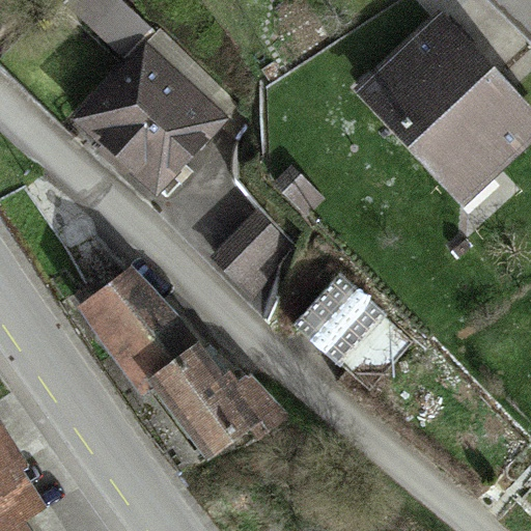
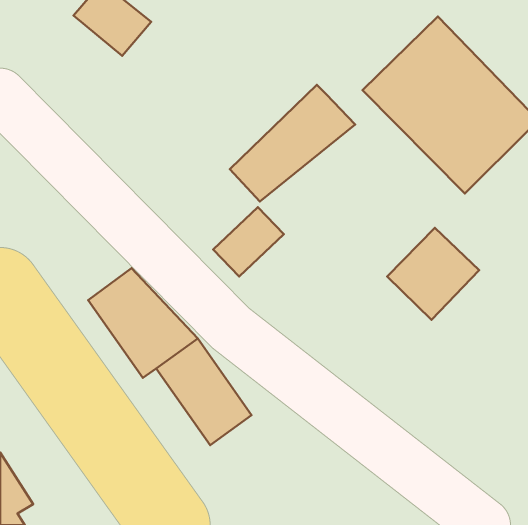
building: [74,51,222,197] -> none
building: none -> [230,85,355,201]
building: [295,276,387,368] -> [387,228,479,320]

